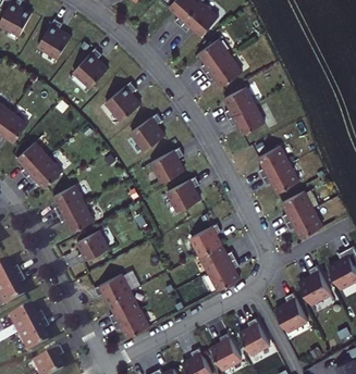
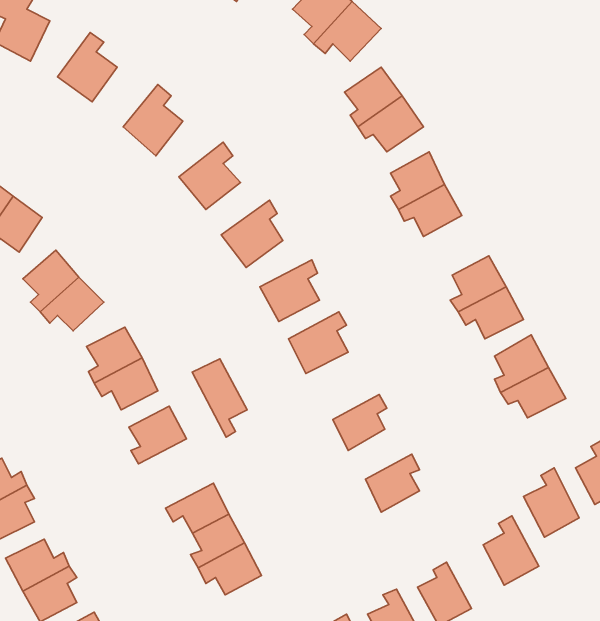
building: none -> [192,359,247,437]
building: [200,244,236,272] -> none

